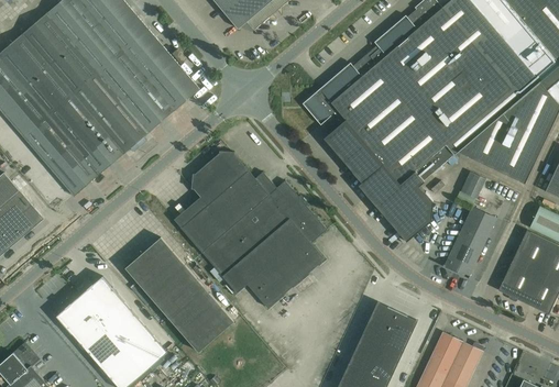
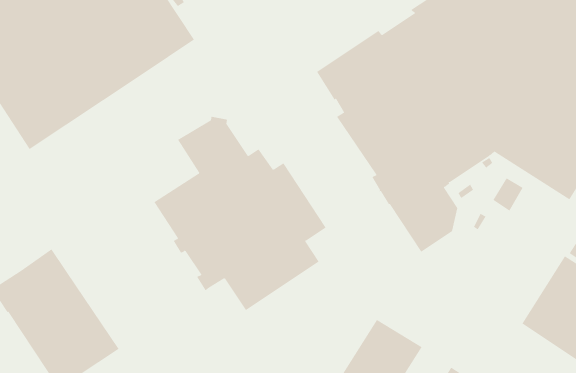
building: [443,207,495,278] -> none
building: [124,237,233,353] -> none

